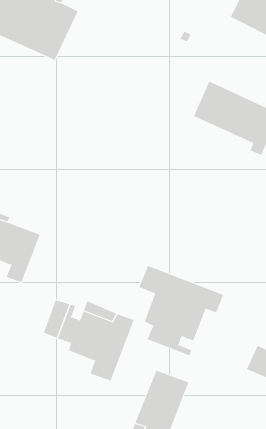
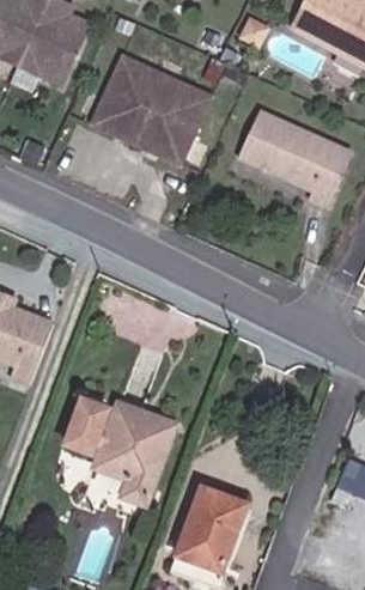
building: none -> [104,59,218,163]
building: [138,265,224,356] -> none

